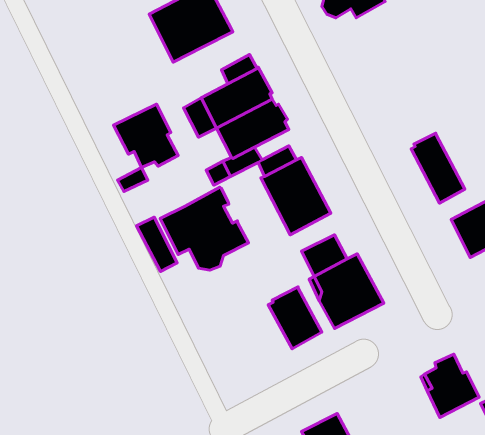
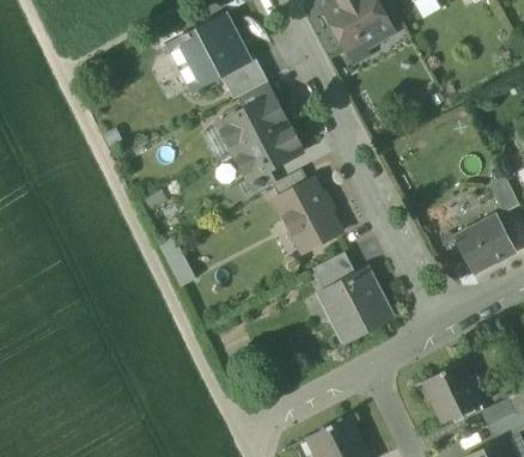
building: none -> [220,54,268,98]
building: [113,104,178,168] -> none
building: [411,133,465,203] -> none
building: [160,187,248,270] -> none
building: [268,287,322,349] -> none

